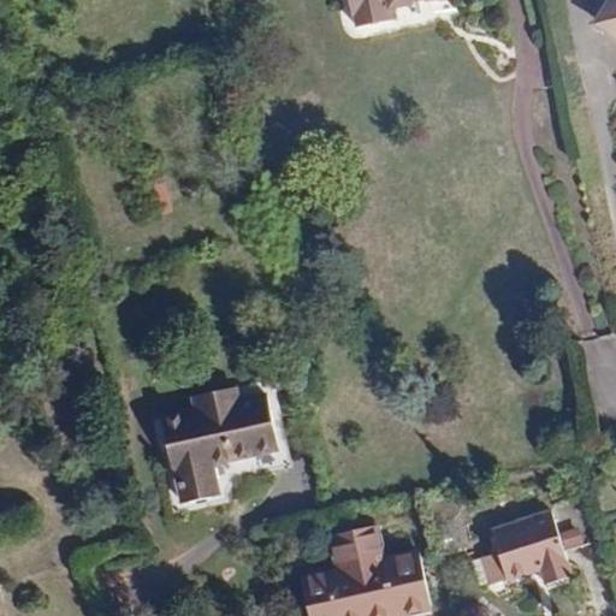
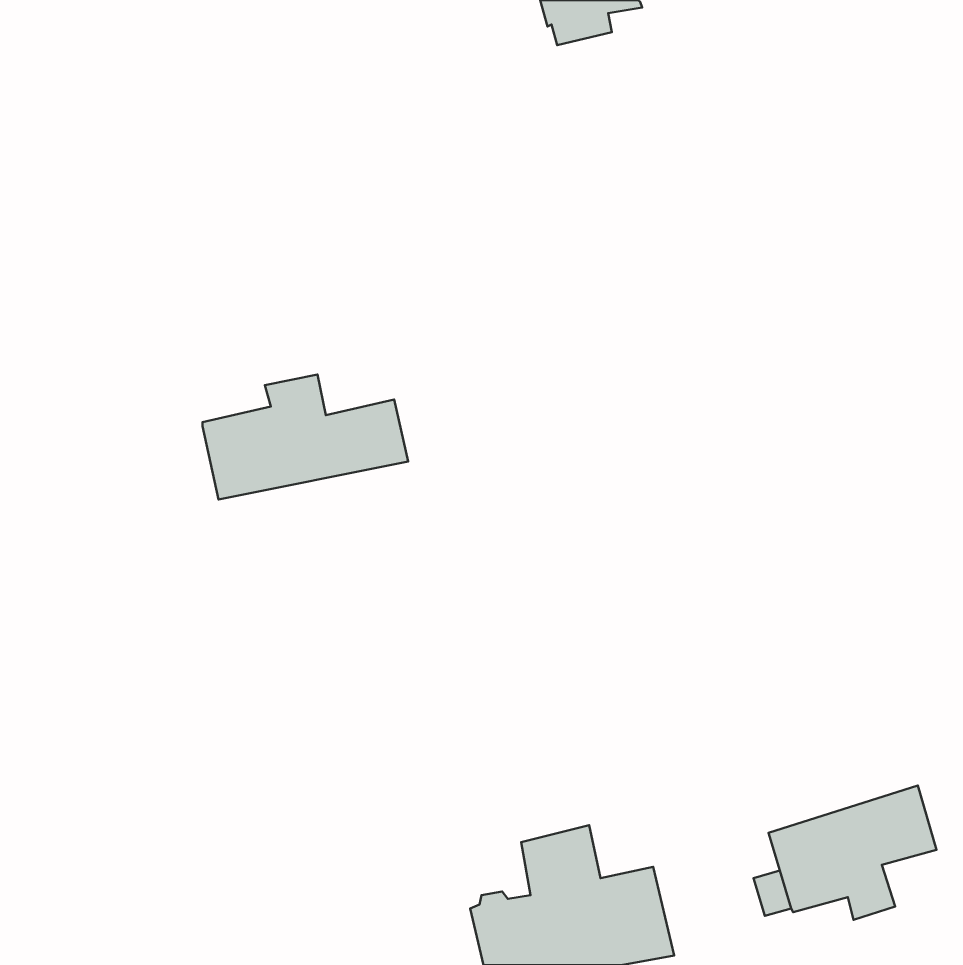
building: none -> [202,375,408,499]
building: [160,389,276,504] -> none

